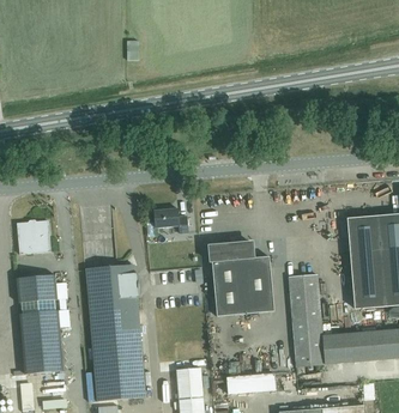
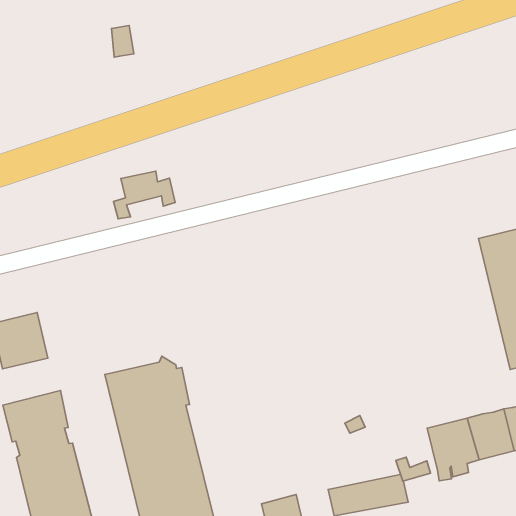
building: [146,208,187,236] -> [113,171,175,219]
building: [210,243,274,316] -> none
building: [288,274,321,338] -> none

